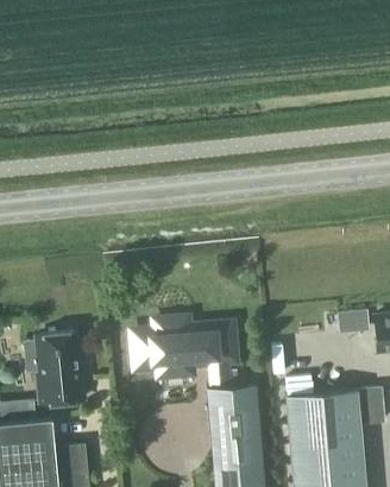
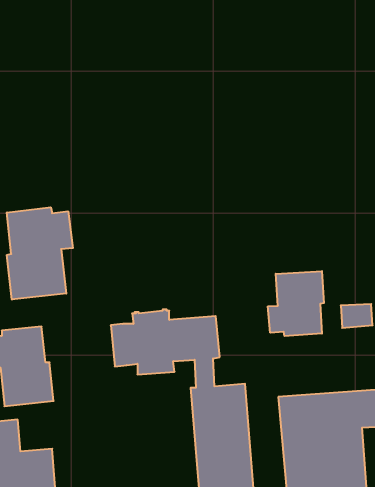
building: none -> [7,207,73,300]
building: none -> [268,271,324,336]

